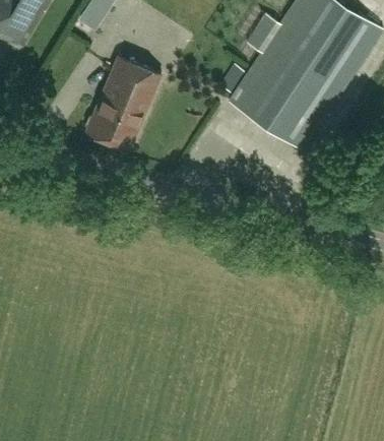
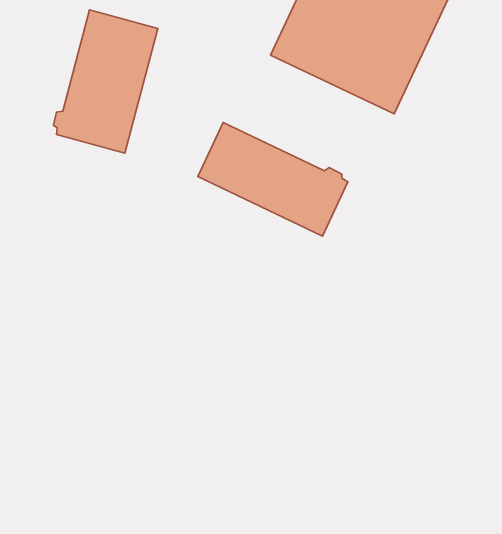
building: none -> [198,122,348,236]

